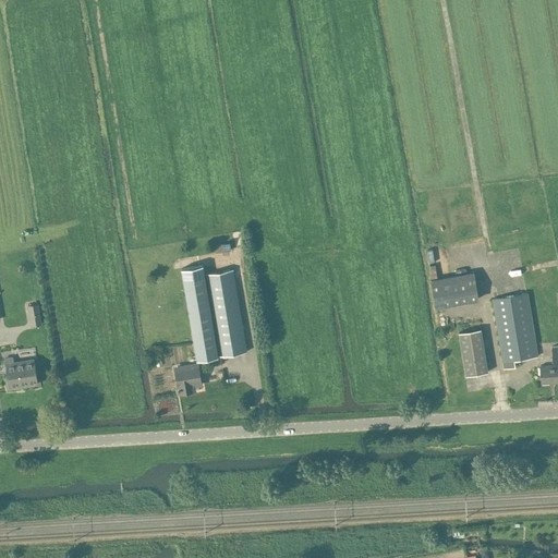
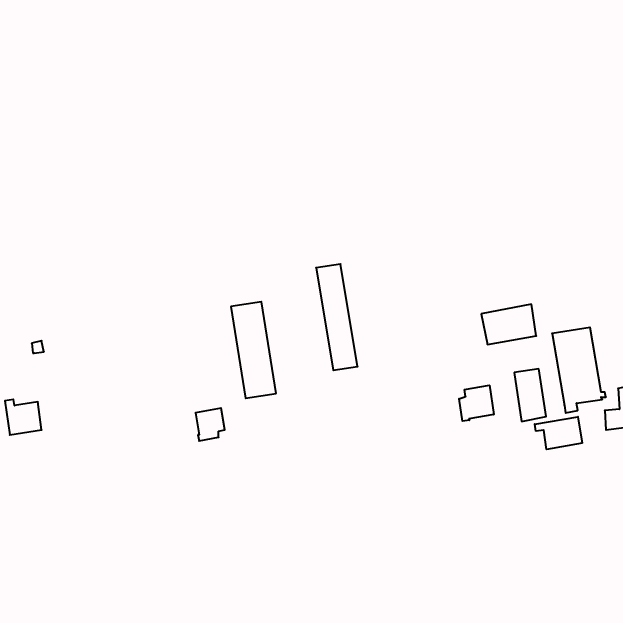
building: [182,266,219,361] -> [316,264,358,370]
building: none -> [459,385,494,421]
building: none -> [535,417,582,449]

